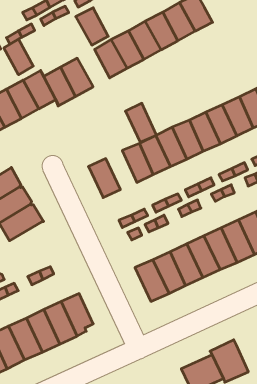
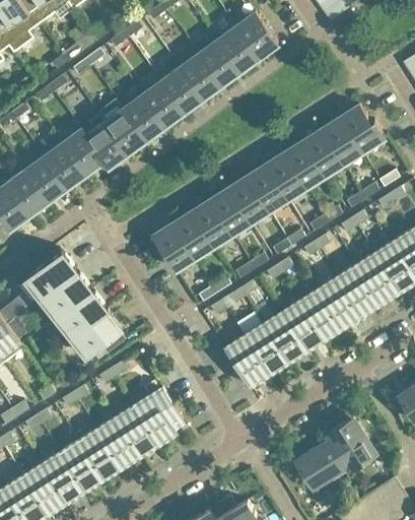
building: [76,8,108,45] -> [122,95,163,140]
building: [4,39,33,75] -> none
building: [125,103,156,142] -> [171,211,212,258]
building: none -> [70,309,123,356]

